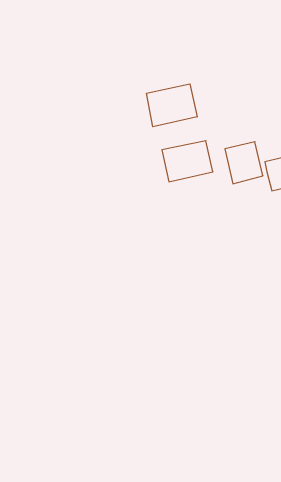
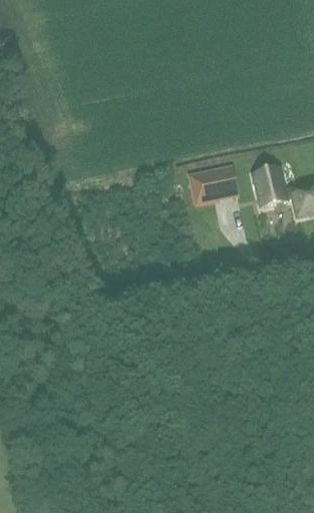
building: [147,84,197,127] -> none

